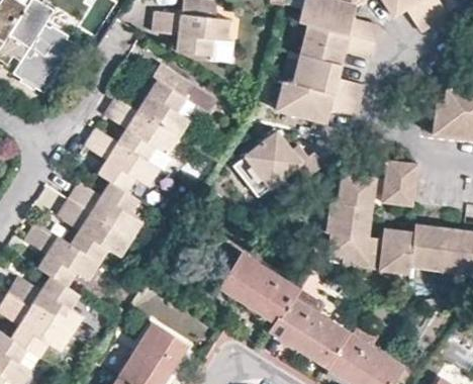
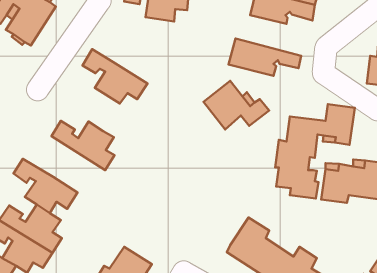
building: [291,55,363,102] -> none
building: [138,72,207,134] -> none
building: [83,125,159,190] -> none
building: [56,196,129,262] -> none
building: [222,257,297,323] -> none

